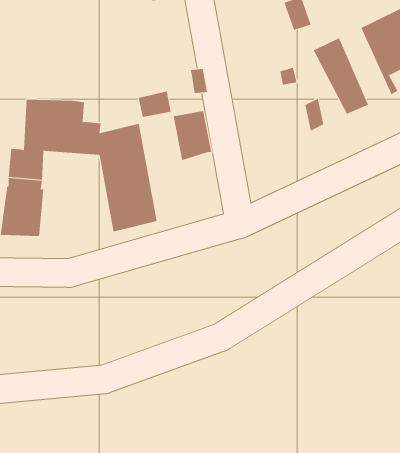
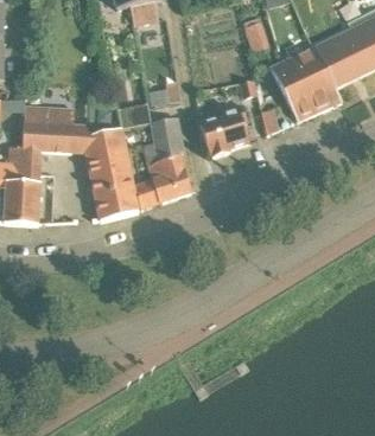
building: none -> [291,46,335,111]
building: none -> [198,103,248,155]
building: none -> [133,152,190,207]

